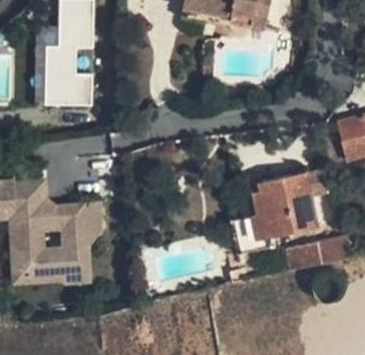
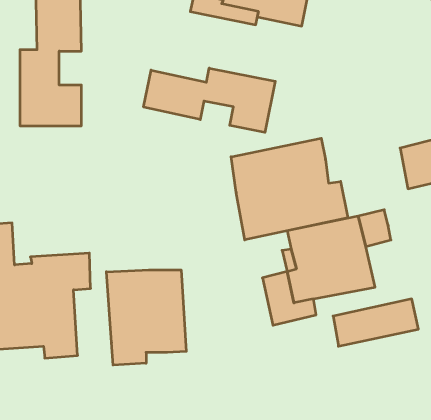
building: none -> [144,68,275,132]
building: none -> [231,138,348,240]
building: none -> [106,270,186,365]

